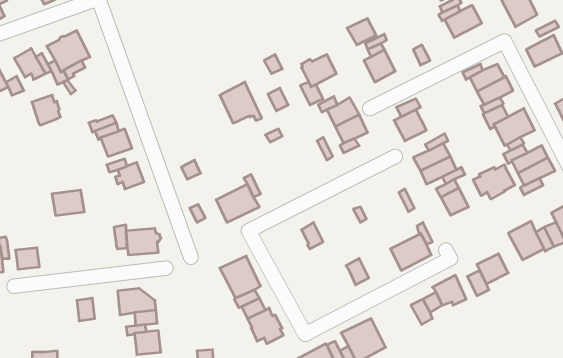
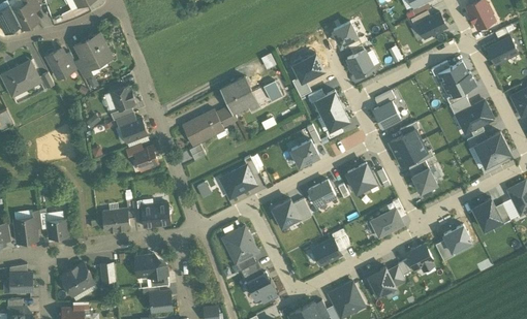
building: [32,95,61,125] -> [110,86,134,111]
building: none -> [182,106,237,146]
building: none -> [290,140,318,166]
building: [473,165,515,199] -> none
building: none -> [346,164,374,192]
building: [52,190,84,215] -> [101,210,129,231]
building: none -> [307,180,335,205]
building: none -> [272,199,299,229]
building: none -> [311,238,341,265]
building: none -> [60,264,94,296]
building: none -> [366,266,396,296]

